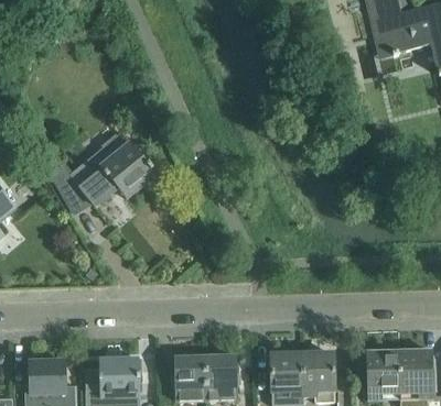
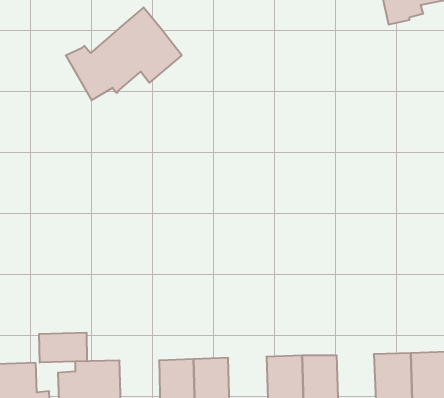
building: [51,131,154,213] -> [66,7,182,100]
building: none -> [39,333,87,363]

